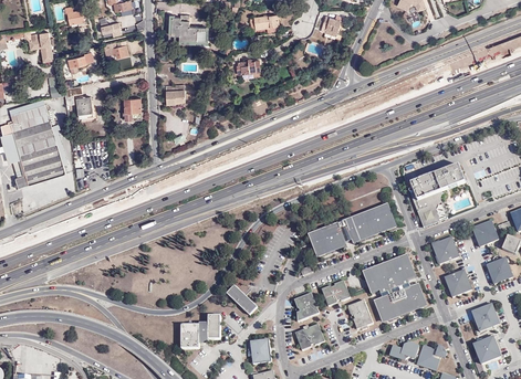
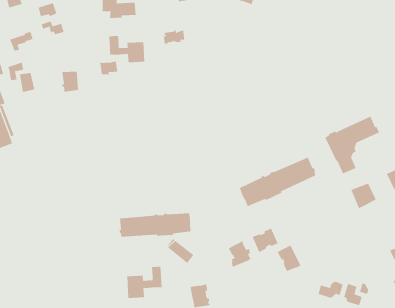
building: none -> [109,35,145,63]
building: [364,255,426,322] -> none
building: none -> [119,213,191,237]
building: [444,269,471,297] -> none
building: [294,324,324,349] -> none

